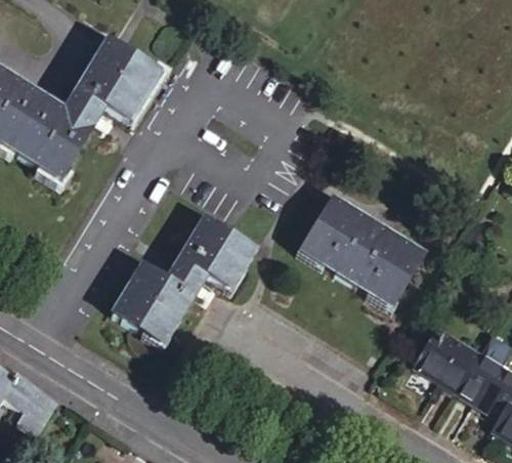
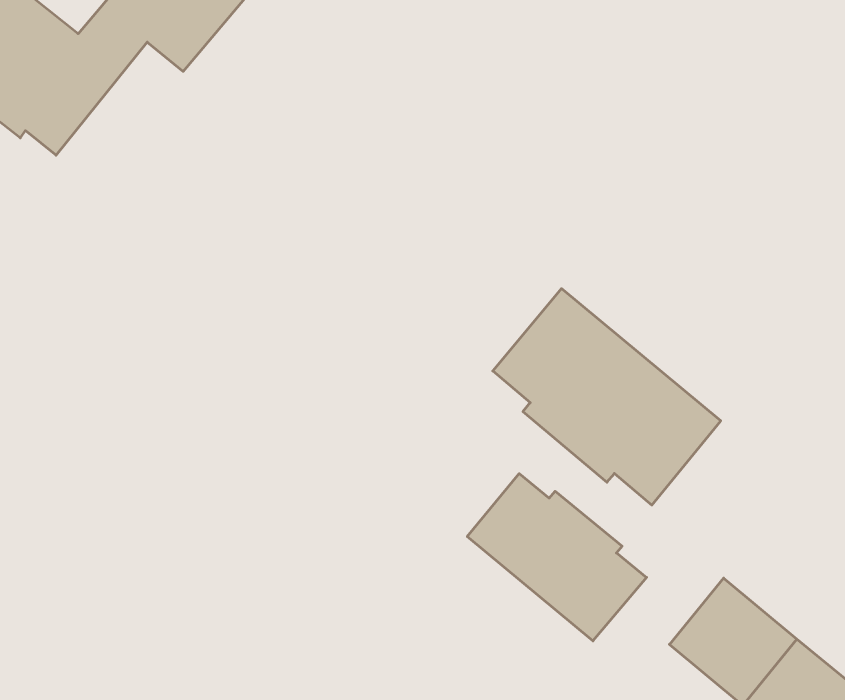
building: [113,217,257,338] -> none
building: none -> [467,474,647,641]

